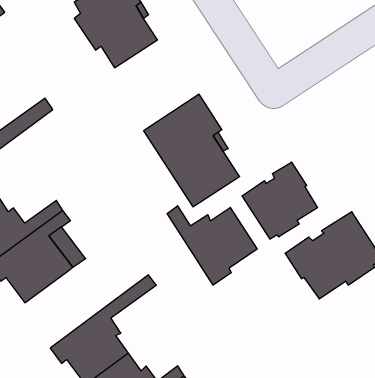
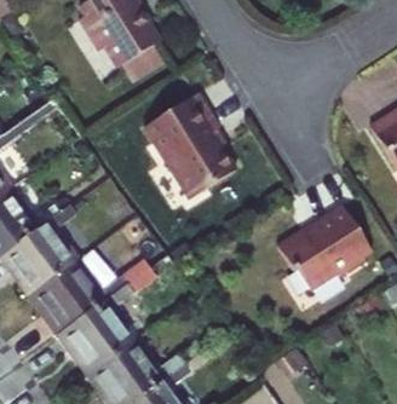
building: [242,162,318,239] -> none
building: [167,206,257,285] -> none
building: none -> [30,259,149,337]

